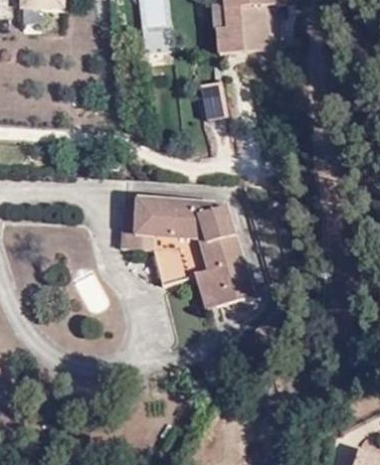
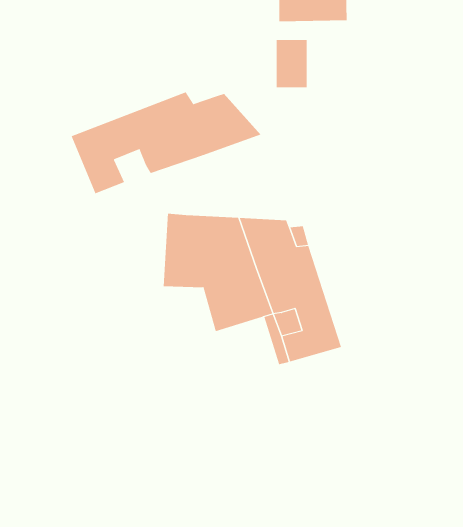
building: none -> [71,91,262,194]

